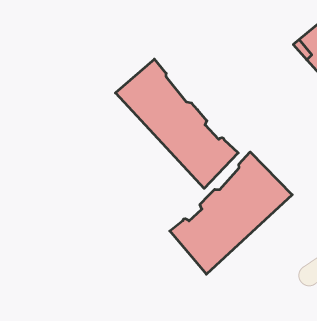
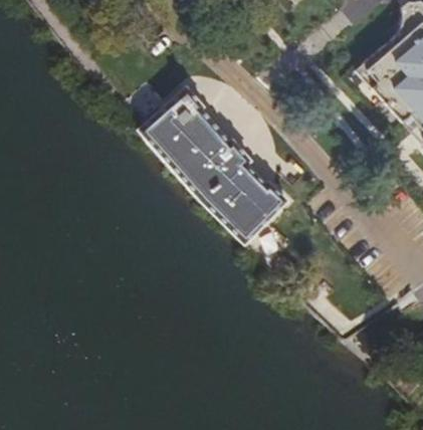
building: [170,152,292,274] -> none

